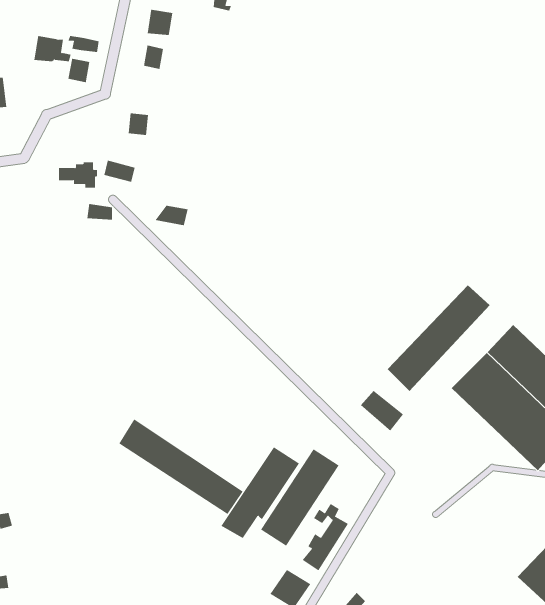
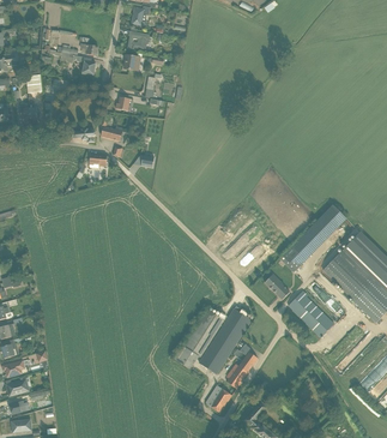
building: none -> [288,289,335,337]
building: [119,418,244,515] -> none

